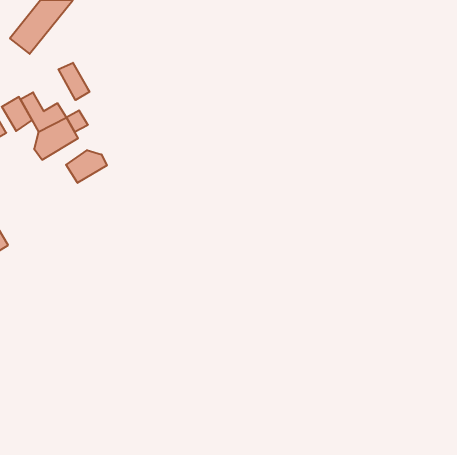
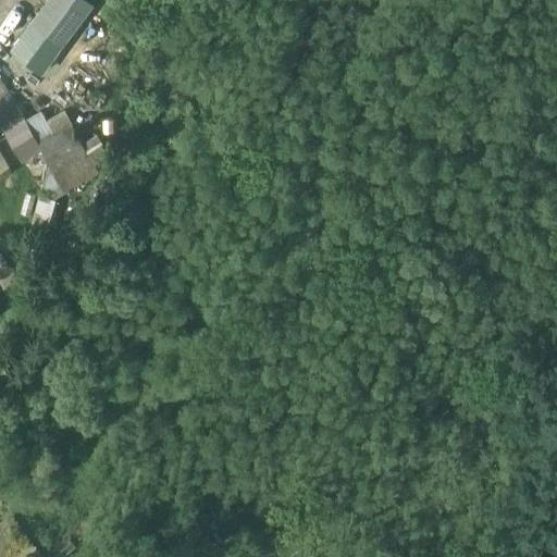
building: [58,63,89,100] -> none
building: [66,150,107,183] -> none

